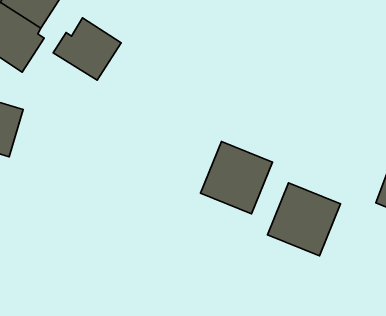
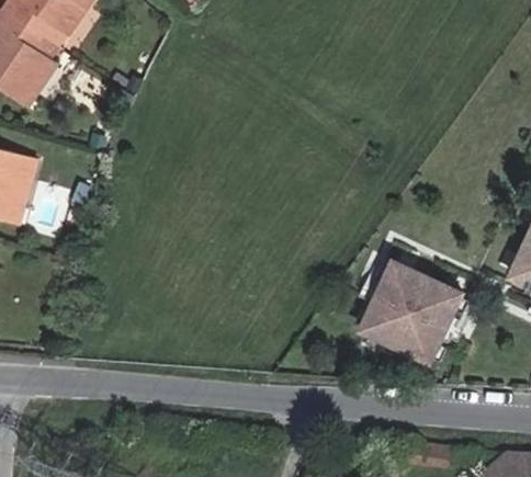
building: [53,18,121,80] -> none
building: [201,142,272,214] -> none

